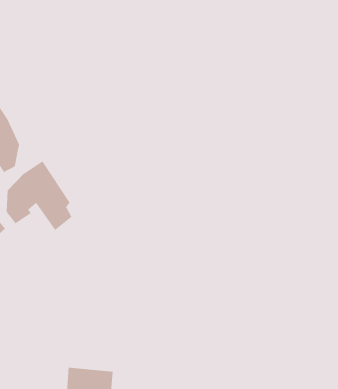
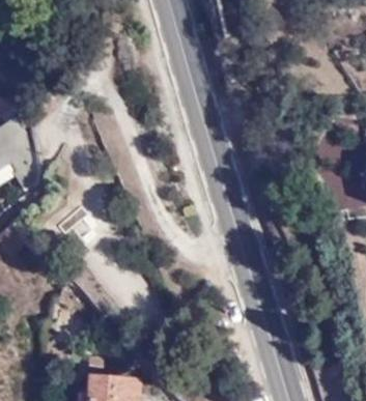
building: [6,161,72,231] -> none

